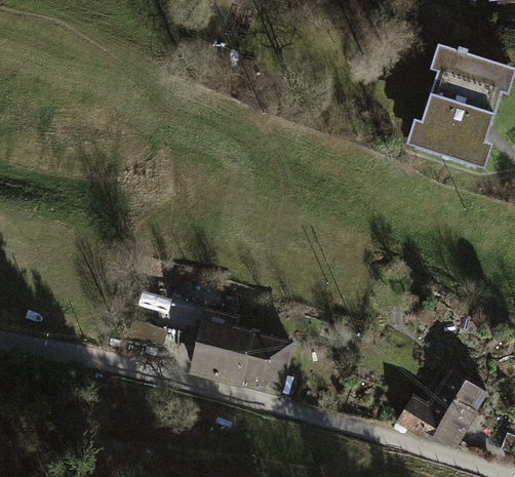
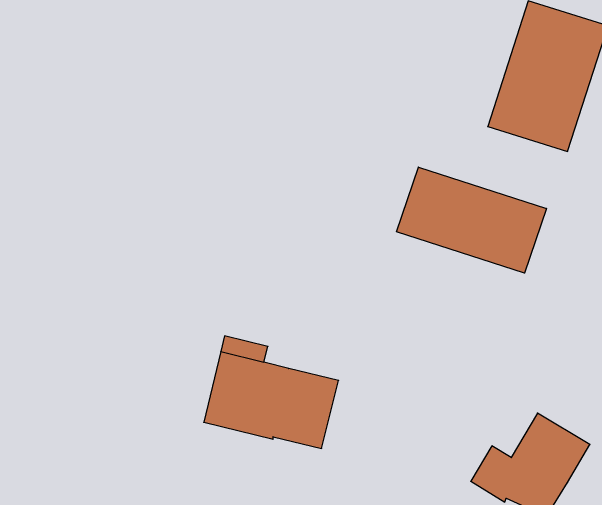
building: none -> [397,167,546,273]

